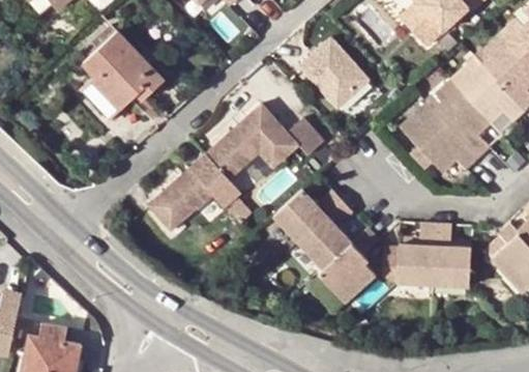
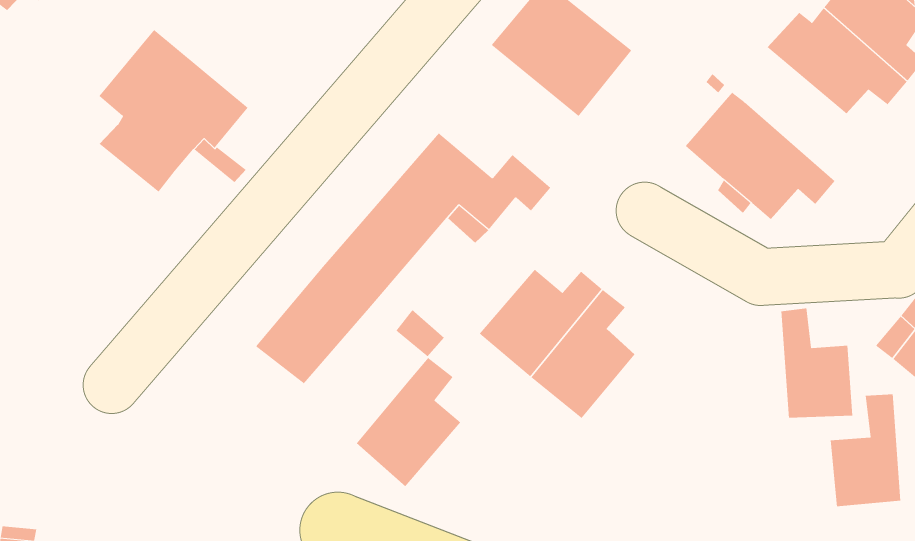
building: [430,83,483,160] -> none
building: [396,225,435,284] -> [830,394,901,507]
building: [321,229,379,297] -> [356,357,461,487]

